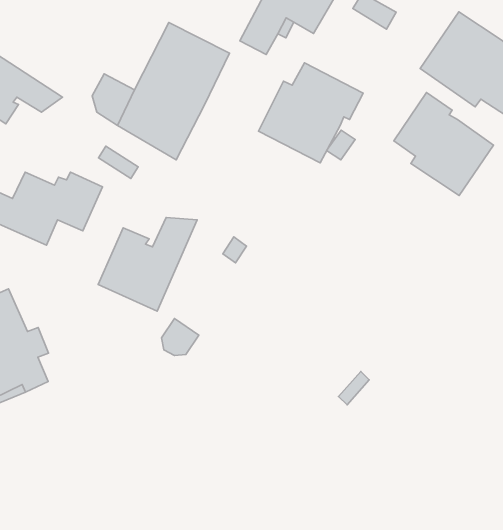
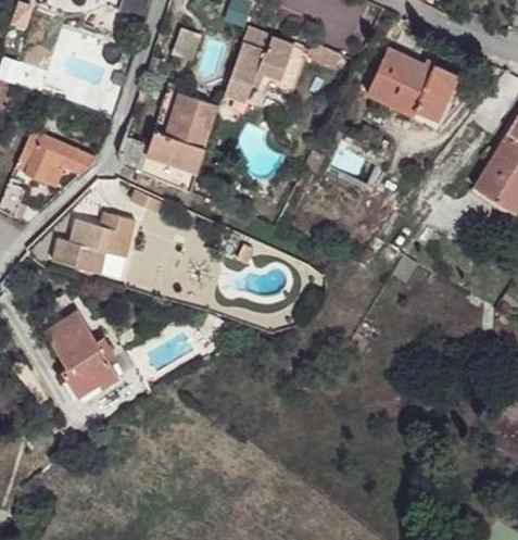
building: [258,63,363,163] -> none
building: [394,93,494,196] -> none
building: [98,218,197,311] -> none

